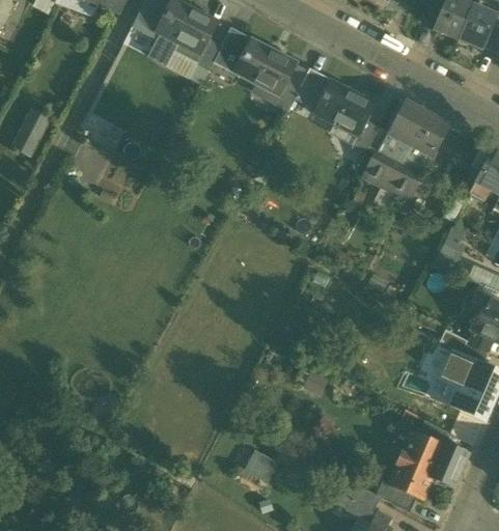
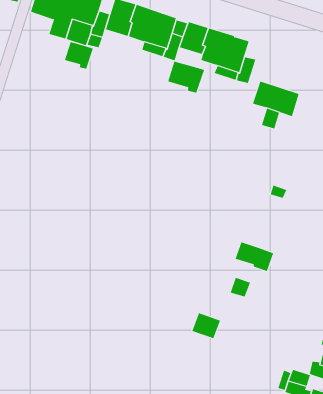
building: none -> [64,41,94,70]
building: [379,102,447,172] -> none
building: none -> [167,61,205,93]
building: none -> [235,242,274,272]
building: [243,447,278,480] -> [192,313,221,339]

